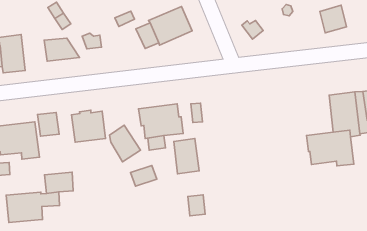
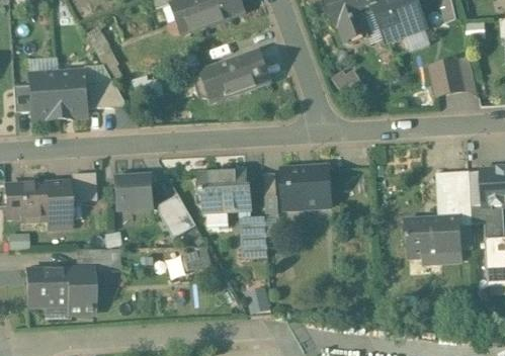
building: none -> [57,71,87,117]
building: none -> [280,166,332,208]
building: none -> [68,288,92,314]

